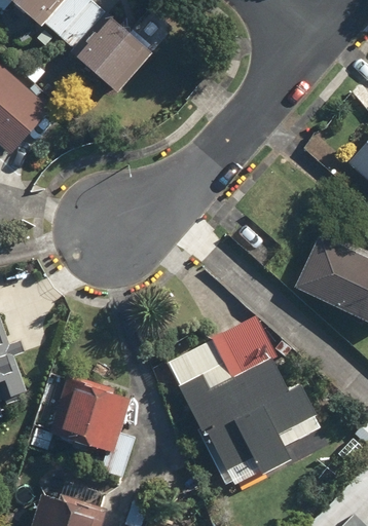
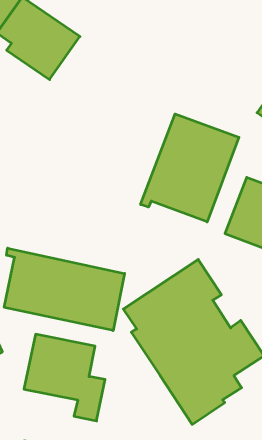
building: none -> [141,114,239,222]
building: none -> [4,248,125,331]

